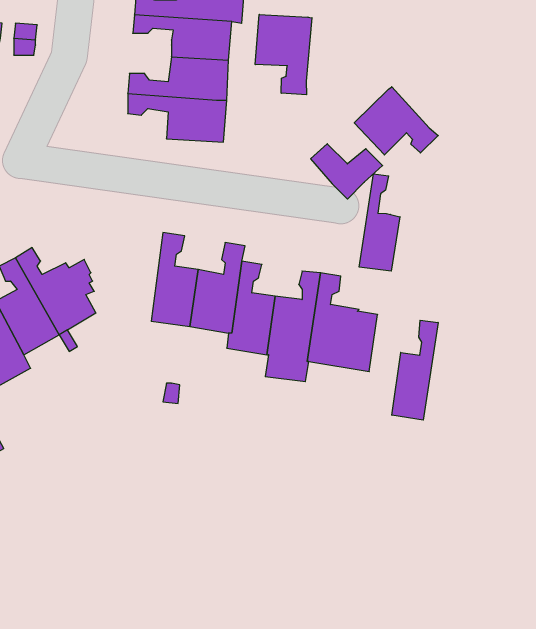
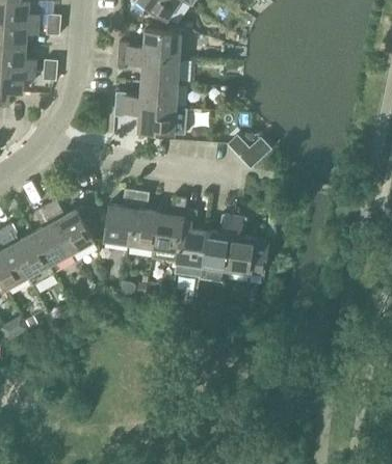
building: [255,14,312,95] -> none
building: [354,87,438,155] -> none
building: [359,174,400,271] -> none
building: none -> [103,188,136,245]
building: [392,320,438,420] -> none

